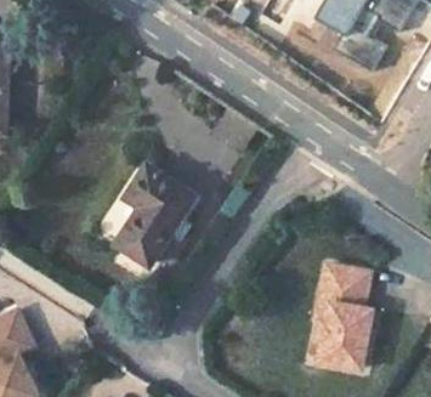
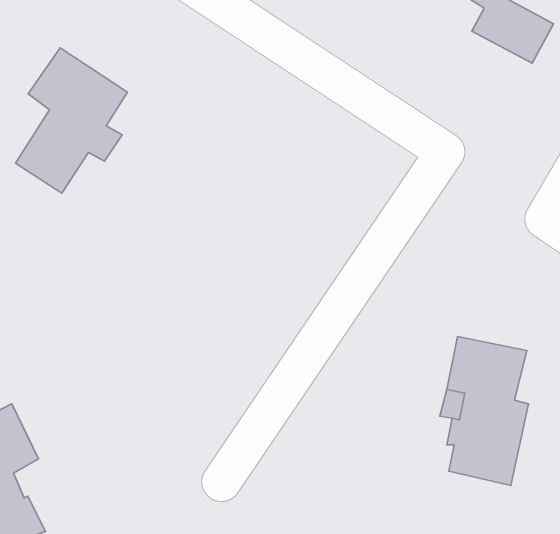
building: [117,163,193,262] -> [16,48,128,193]

